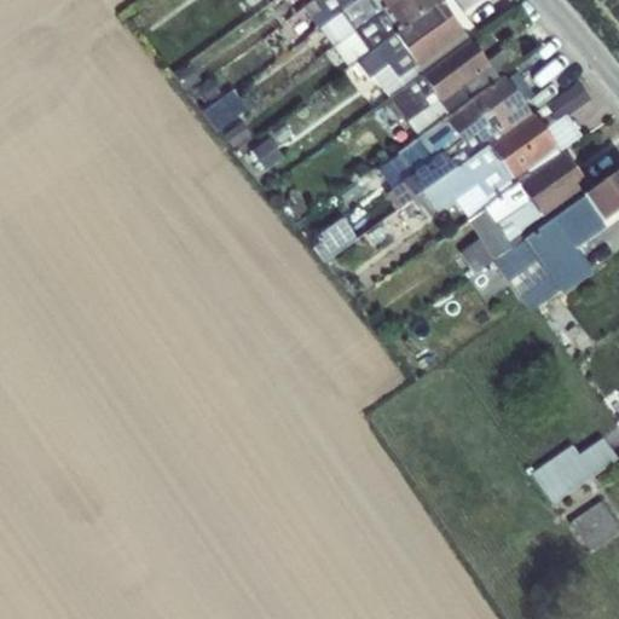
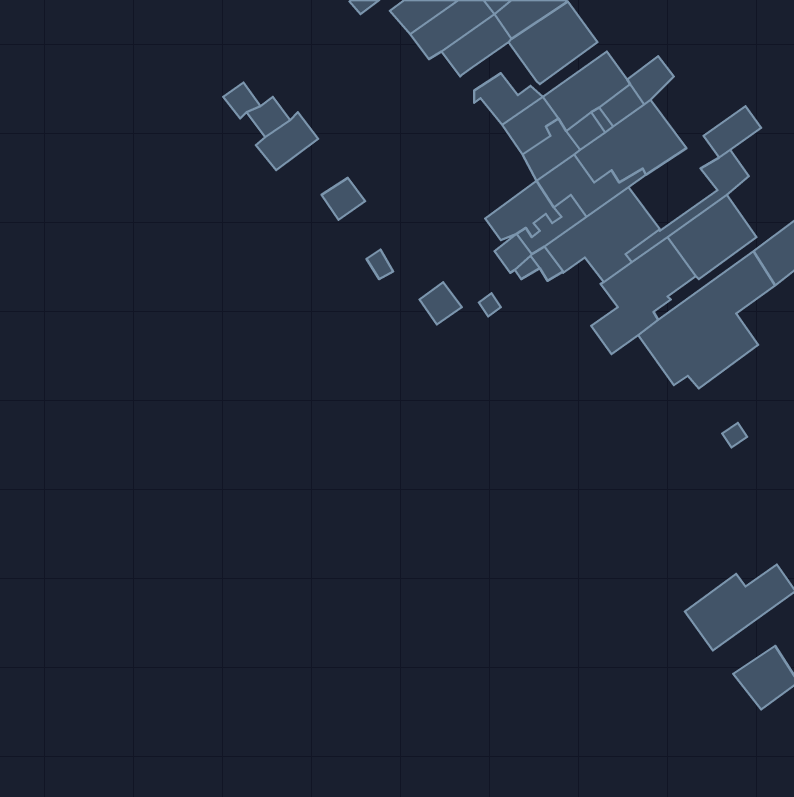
building: [360,33,418,74] -> none
building: [490,115,559,179] -> none

